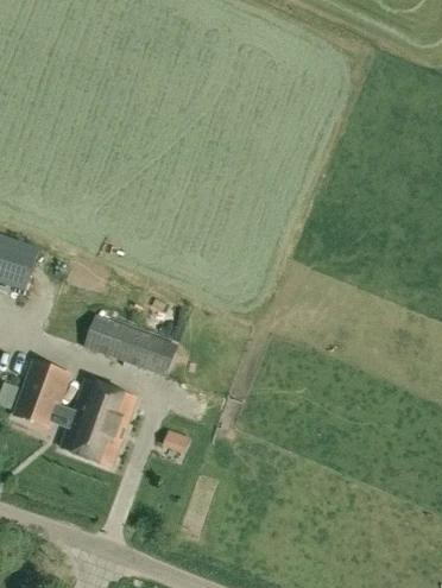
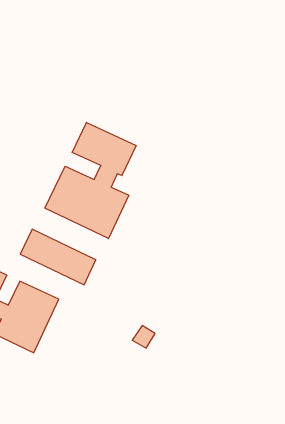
building: none -> [45,122,136,239]

